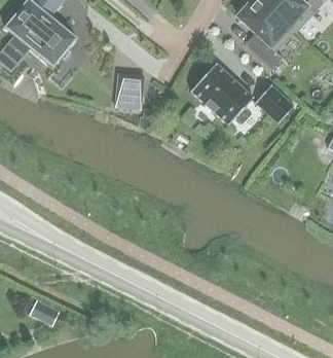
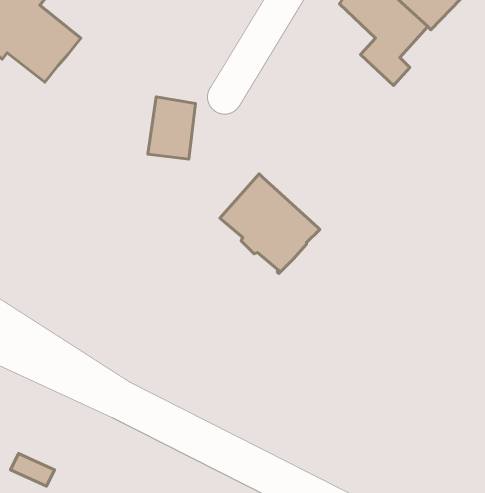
building: [190,62,253,124] -> [220,174,320,274]
building: [255,83,294,122] -> none

